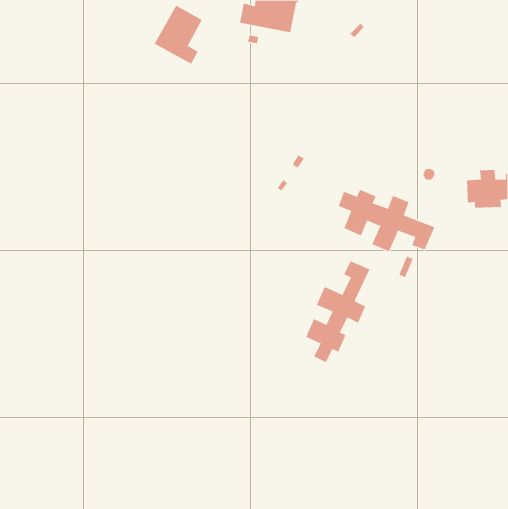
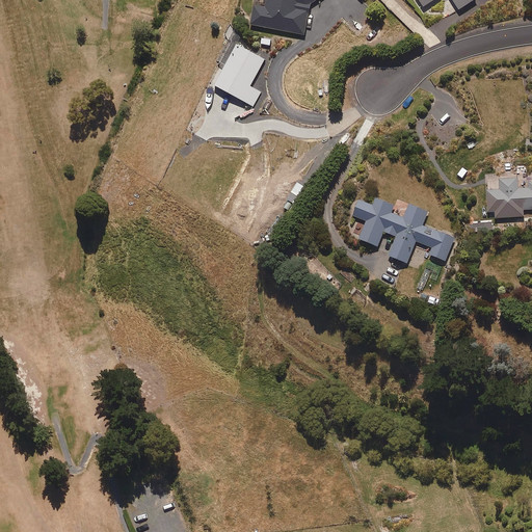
building: [154,5,203,65] -> [213,44,264,106]
building: [306,261,370,363] -> none

